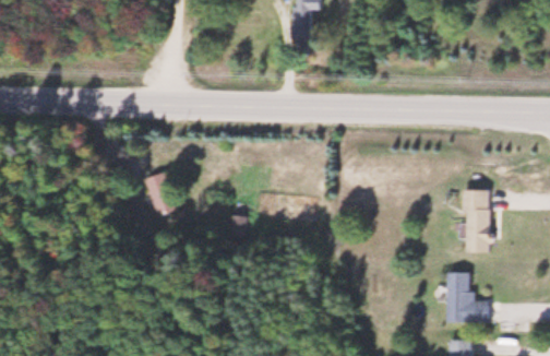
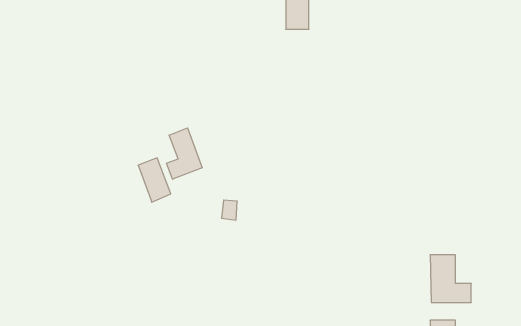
building: none -> [167,128,202,179]
building: [465,189,493,252] -> none

